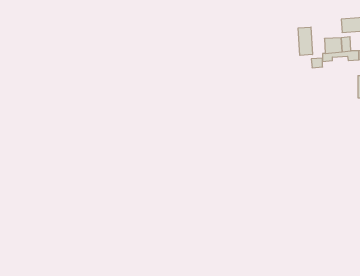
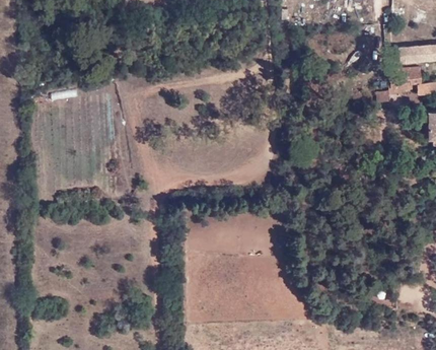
building: [298,27,312,55] -> none

